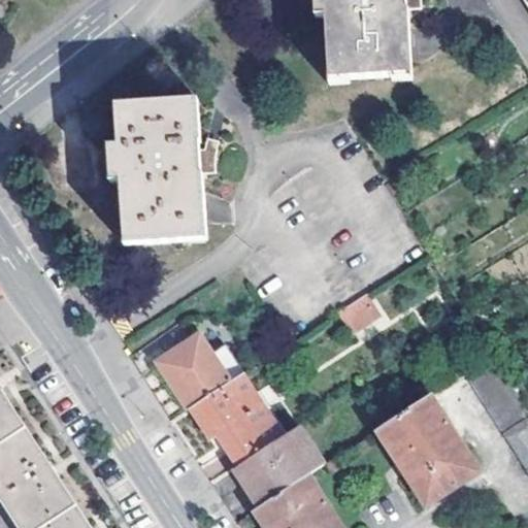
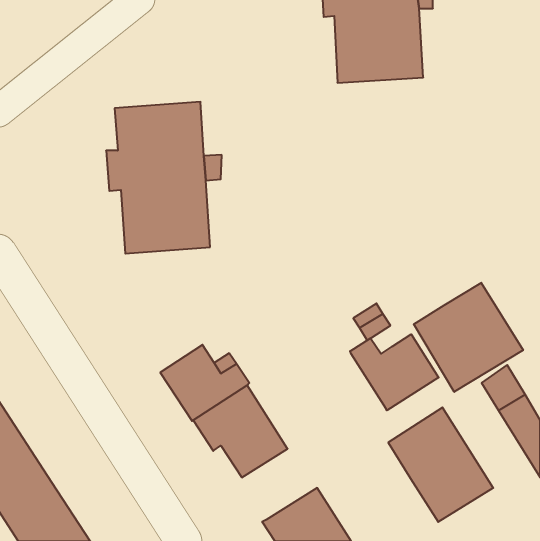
building: none -> [414,283,523,392]
building: none -> [350,334,439,410]
building: [233,425,323,505] -> none

